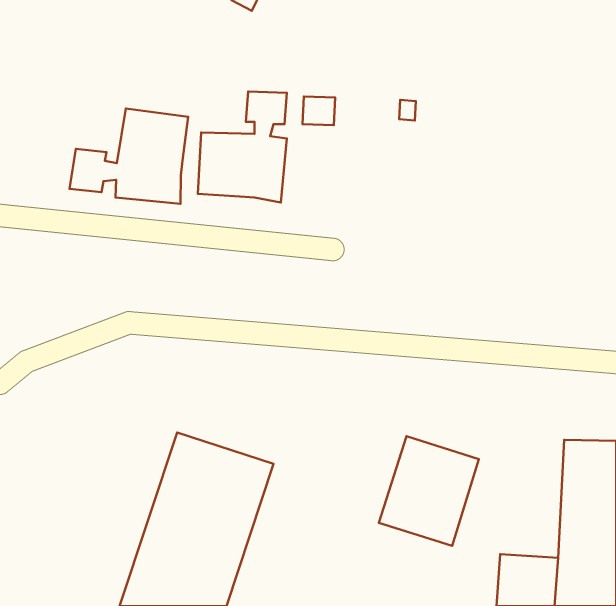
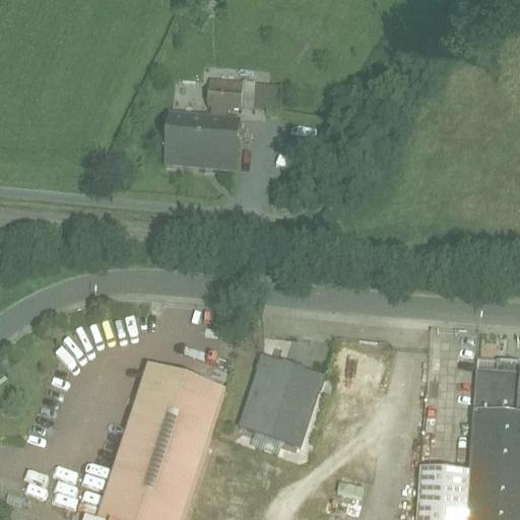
building: [69,109,188,204] -> none
building: [379,436,479,546] -> [237,353,321,446]

